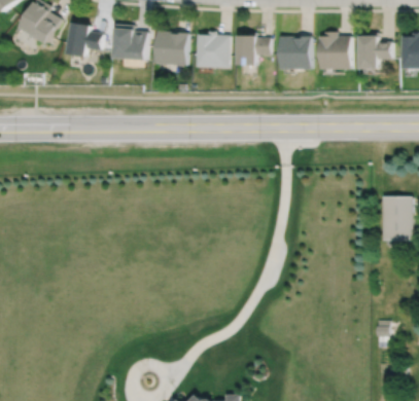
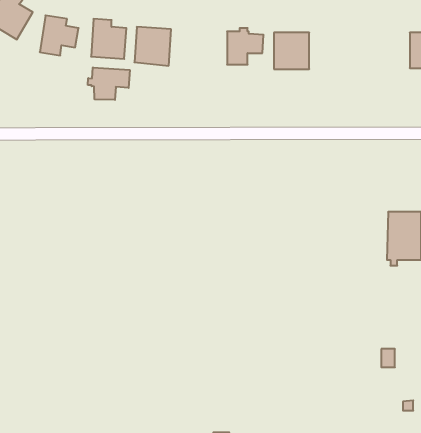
building: [195,31,229,68] -> none
building: [319,32,350,69] -> none
building: [360,33,392,68] -> none
building: none -> [88,67,130,100]

